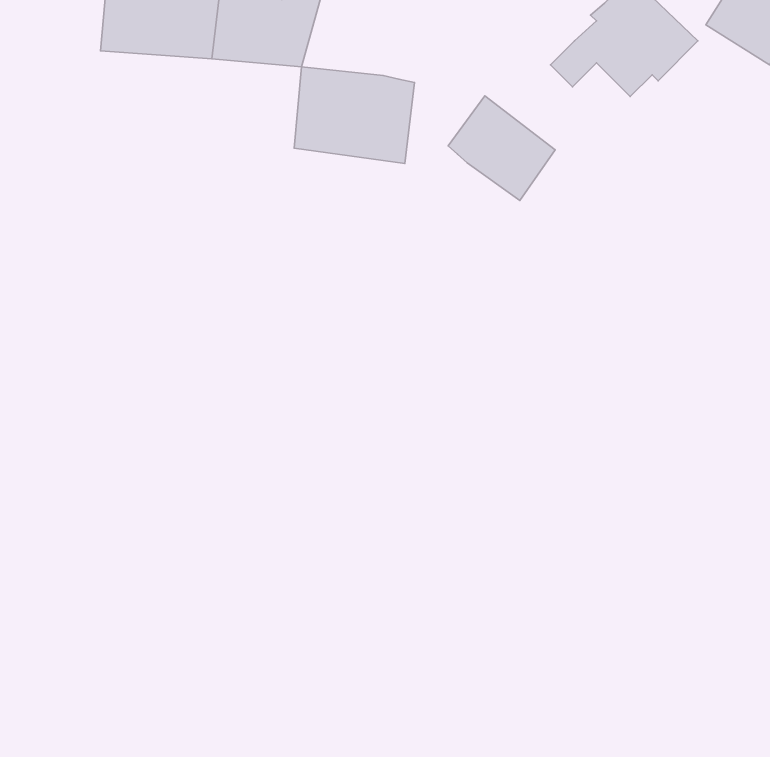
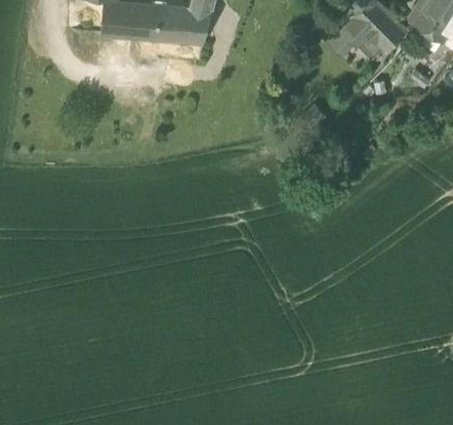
building: [294,67,414,164] -> none
building: [448,96,555,201] -> none

